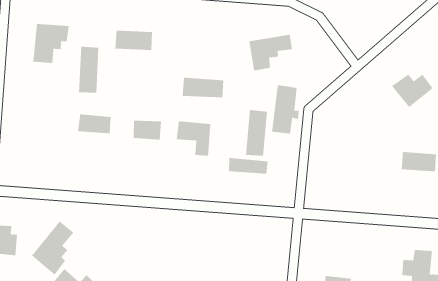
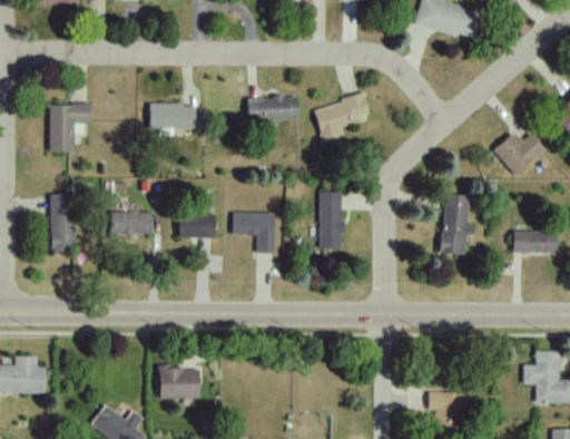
building: [78,46,99,93] -> [50,194,75,252]
building: [182,77,224,98] -> [247,97,298,120]
building: [271,85,300,134] -> [442,194,475,254]
building: [228,157,268,175] -> none
building: [31,220,74,276] -> none
building: none -> [159,367,200,399]

